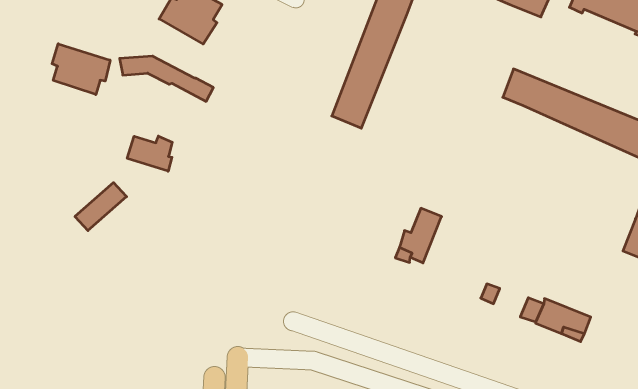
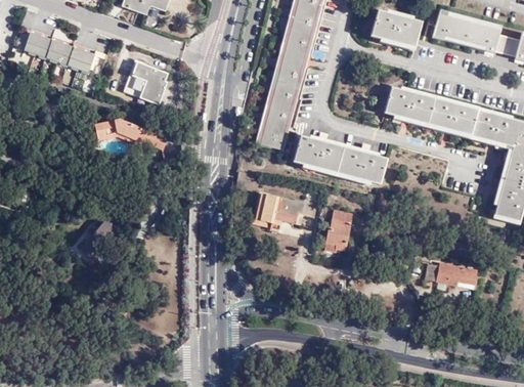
building: [52,44,110,95] -> none
building: none -> [295,135,386,185]
building: [127,136,172,171] -> none
building: none -> [256,190,303,220]

